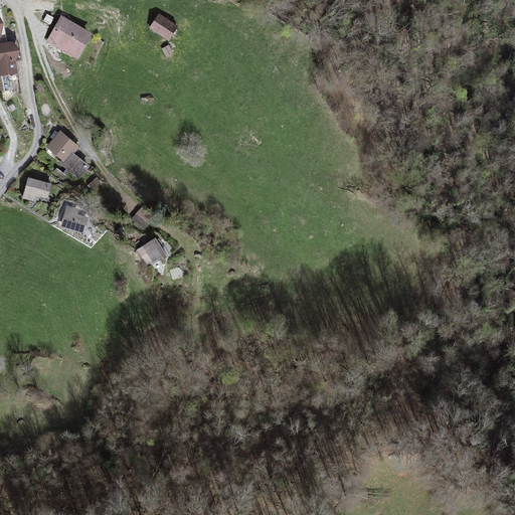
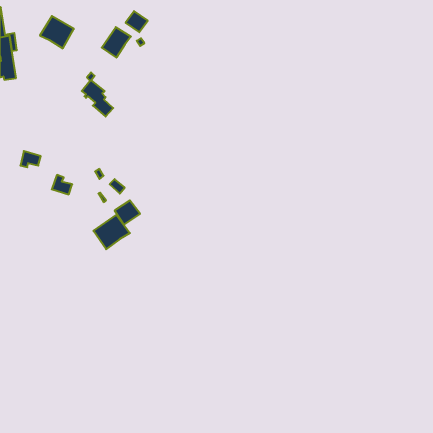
building: none -> [102,27,131,58]
building: [48,124,85,176] -> [82,72,113,117]
building: none -> [93,215,130,249]

